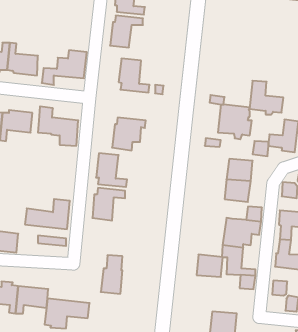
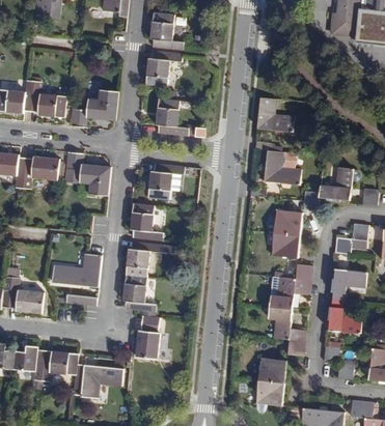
building: [250,81,283,114] -> [256,96,294,134]
building: none -> [121,275,155,312]
building: [197,255,223,277] -> [257,356,286,380]

